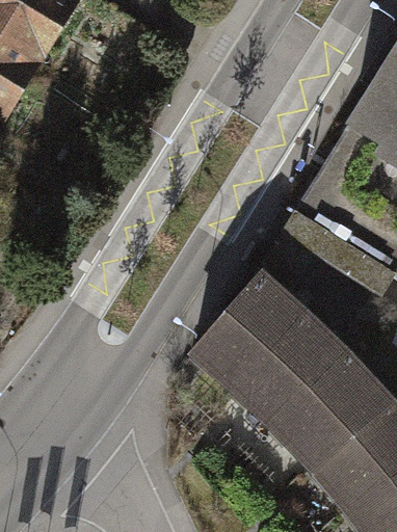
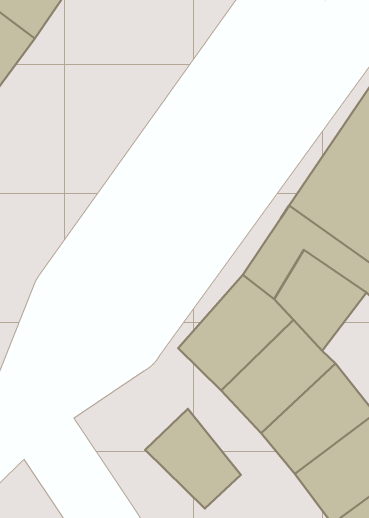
building: none -> [145,409,241,509]

